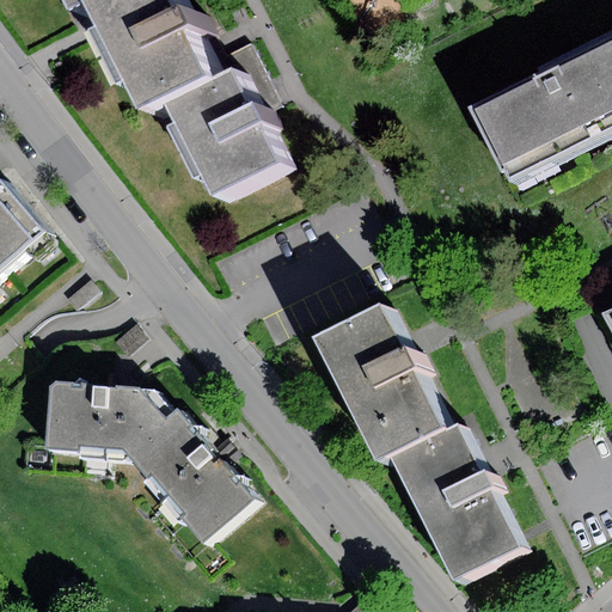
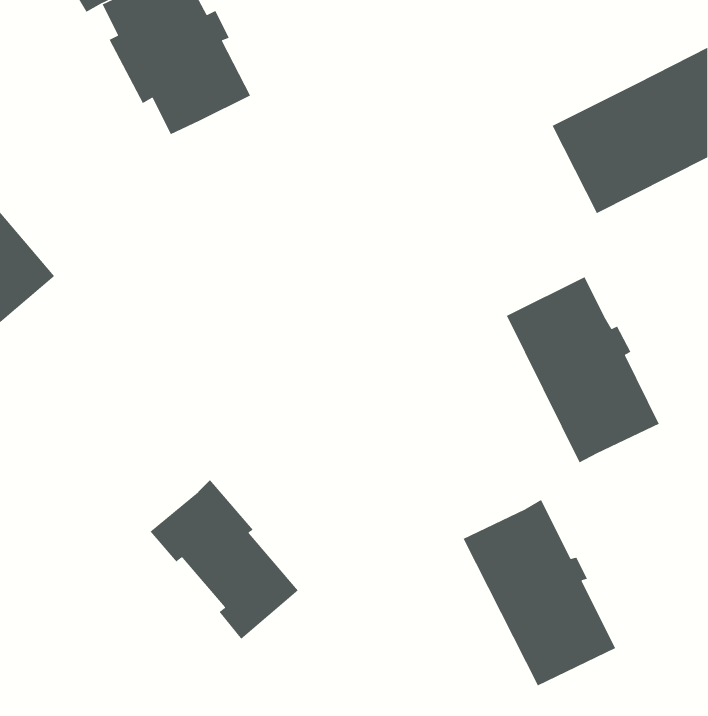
building: [170,69,283,198] -> none
building: [314,306,445,465] -> [506,276,660,464]
building: [47,382,167,453] -> none

